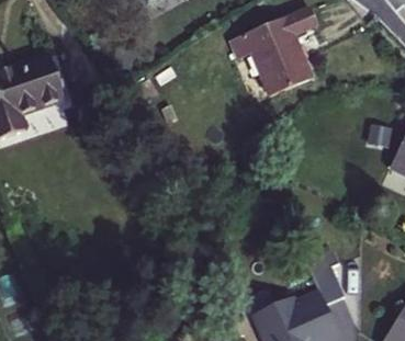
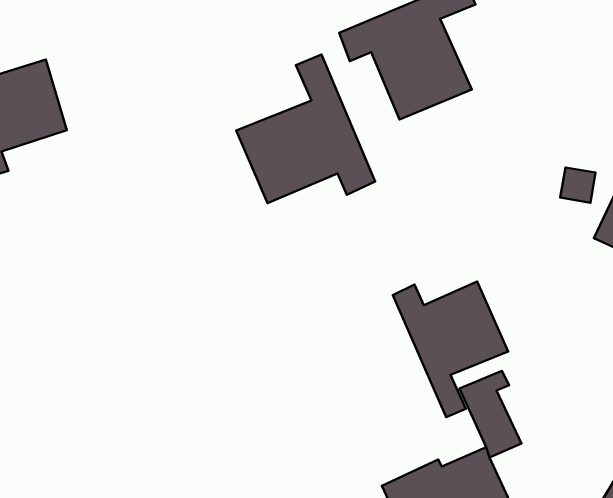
building: none -> [236,54,375,203]
building: none -> [393,282,508,417]

